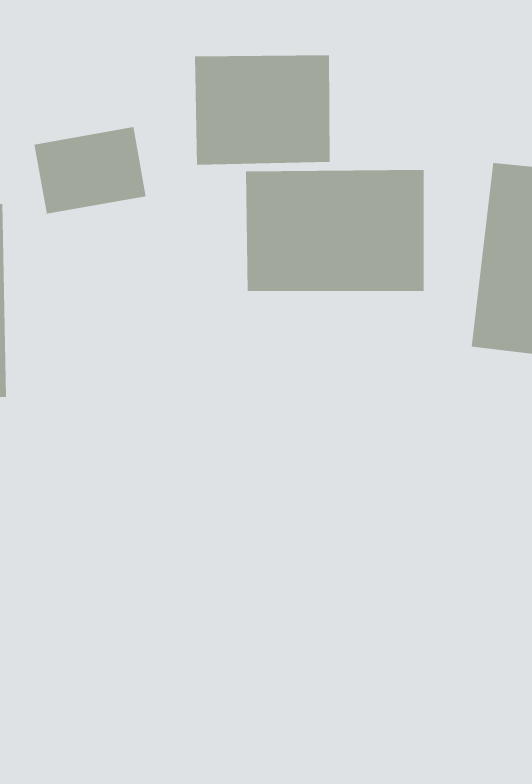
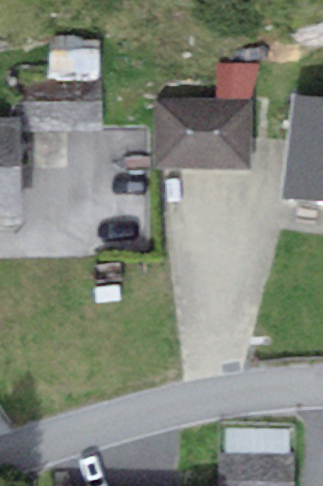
building: [194,54,330,165] -> none

